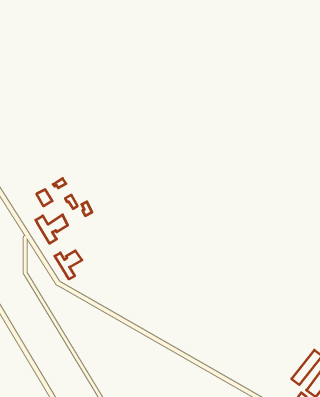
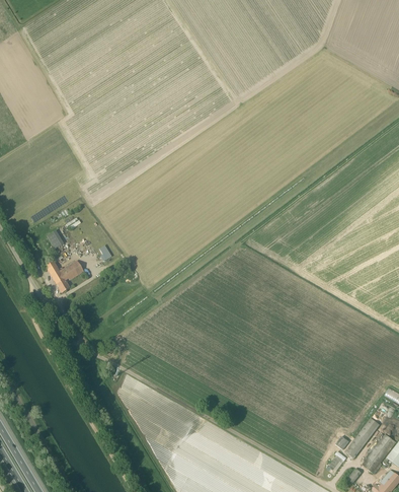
building: [55,251,82,279] -> none

